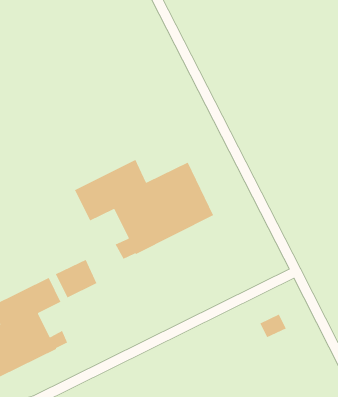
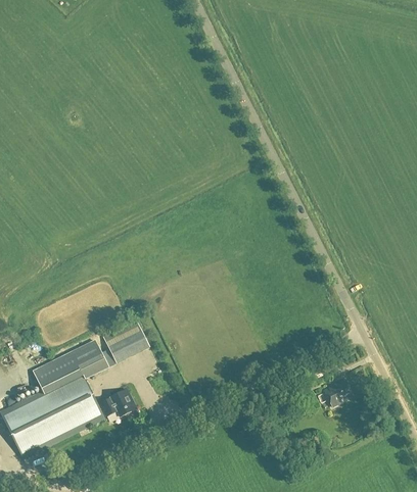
building: [74,159,214,260] -> none
building: none -> [109,388,136,415]

